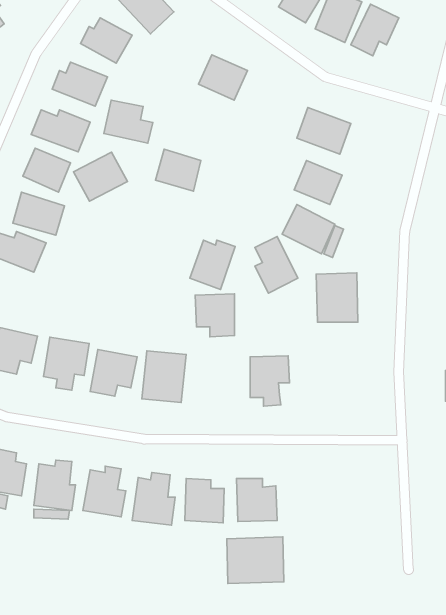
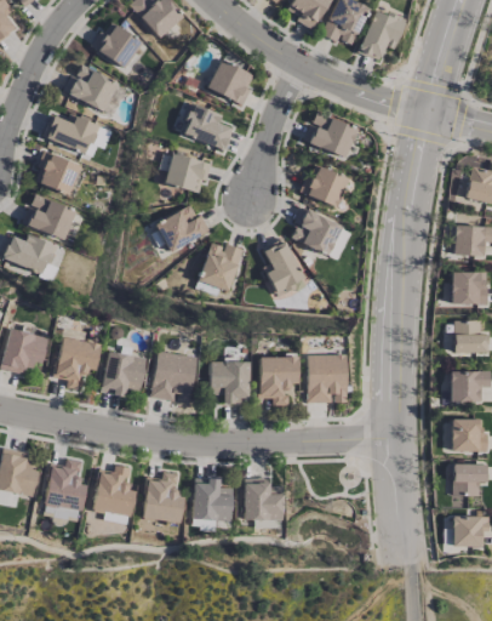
building: [104,100,153,143] -> [183,106,231,148]
building: [74,152,128,201] -> [155,204,208,252]
building: [316,273,358,322] -> [305,354,347,403]
building: [195,294,235,337] -> [210,361,248,404]
building: [227,537,284,583] -> none

